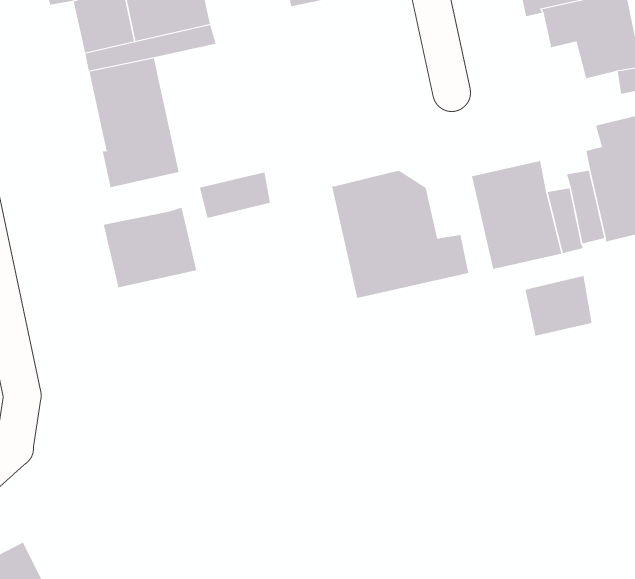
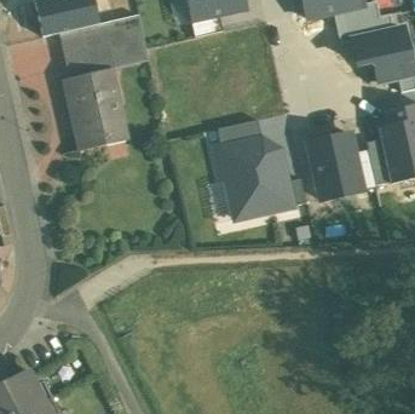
building: [199,172,271,218] -> [218,120,263,149]
building: [103,207,197,288] -> none
building: [525,275,592,337] -> none

